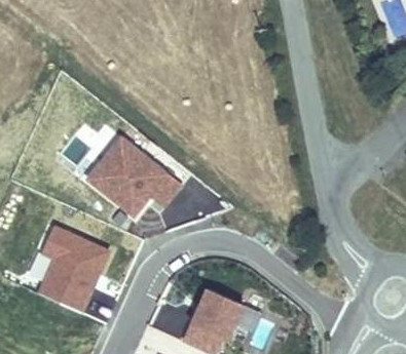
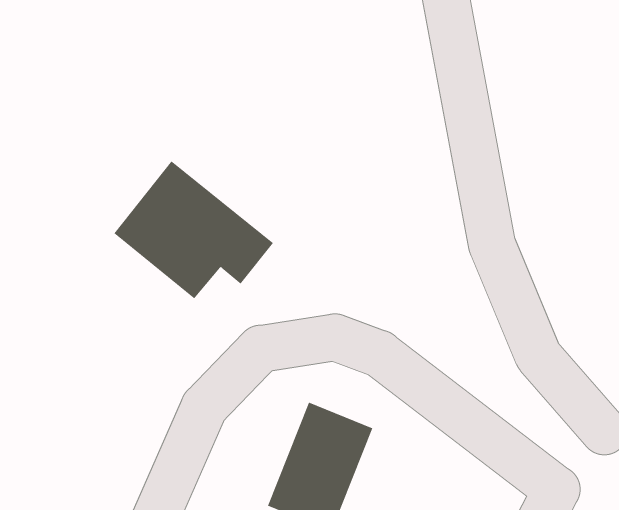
building: [32,229,107,318] -> none

